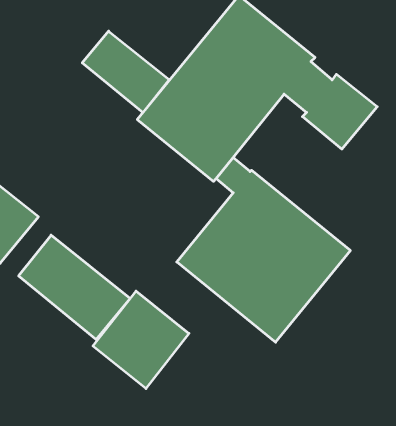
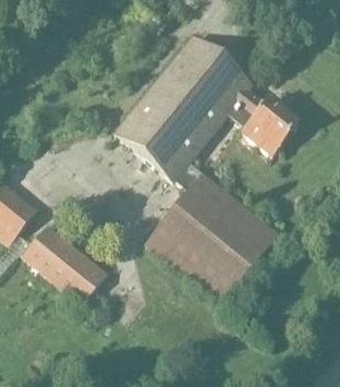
building: [82,31,169,112] -> none
building: [93,291,189,389] -> none

